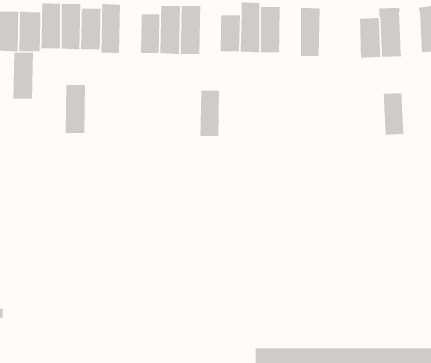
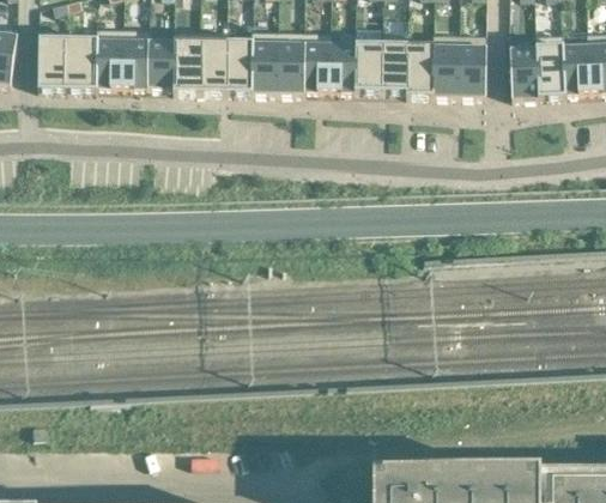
building: none -> [406,28,432,92]
building: none -> [457,30,486,92]
building: [13,52,33,100] -> none
building: [65,85,86,134] -> [199,25,226,89]
building: [200,90,220,139] -> [303,26,329,90]
building: [383,93,404,135] -> [562,34,589,89]

